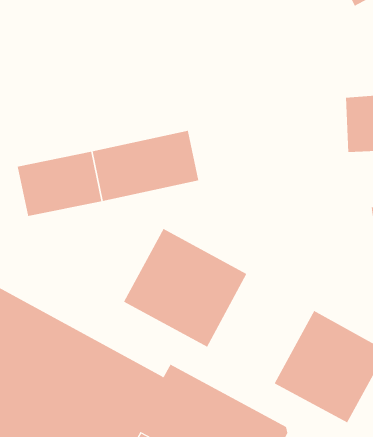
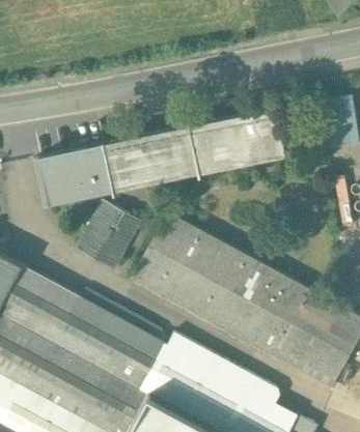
building: none -> [190,110,285,172]
building: none -> [76,201,139,268]
building: none -> [206,254,301,351]

